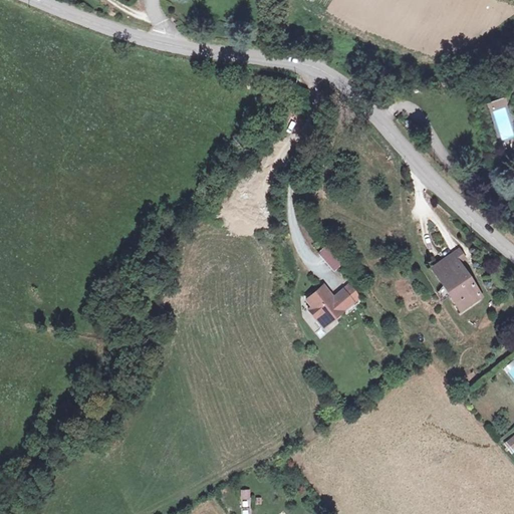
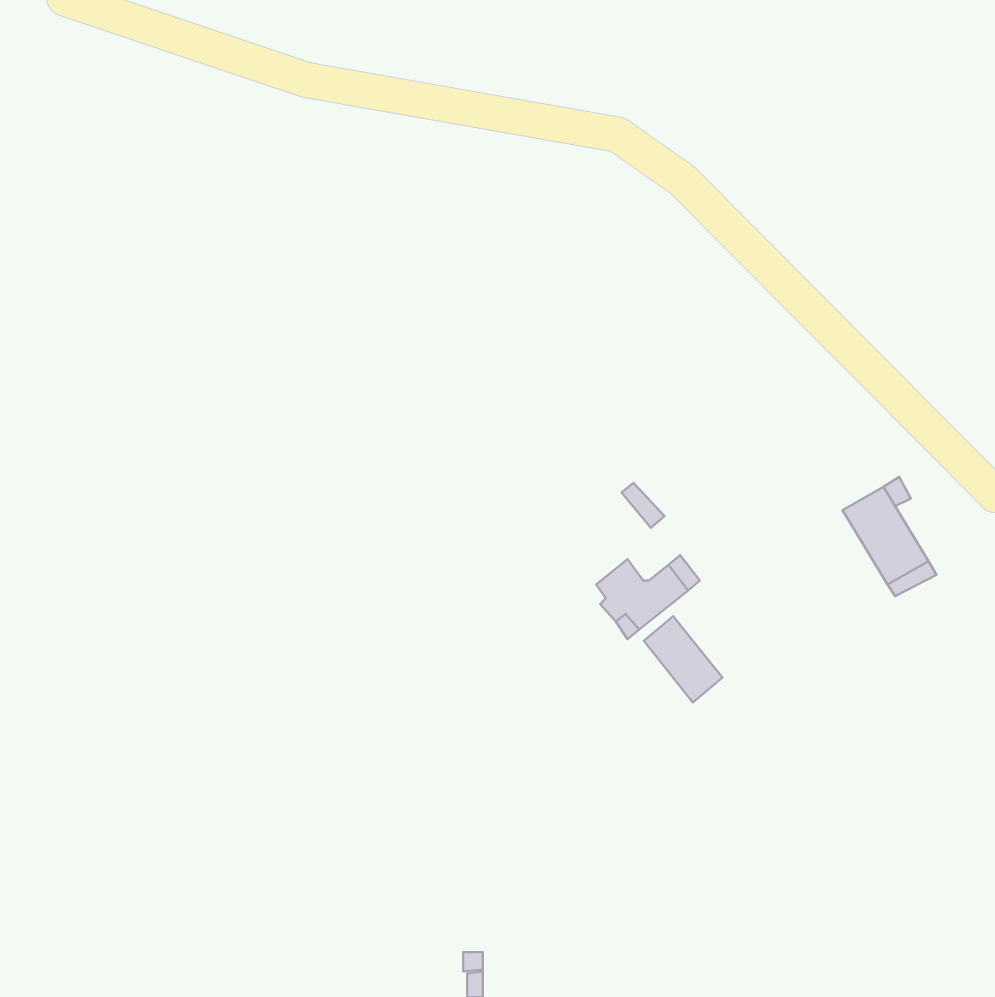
building: none -> [644,616,722,702]

